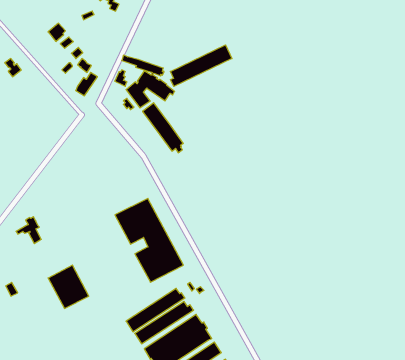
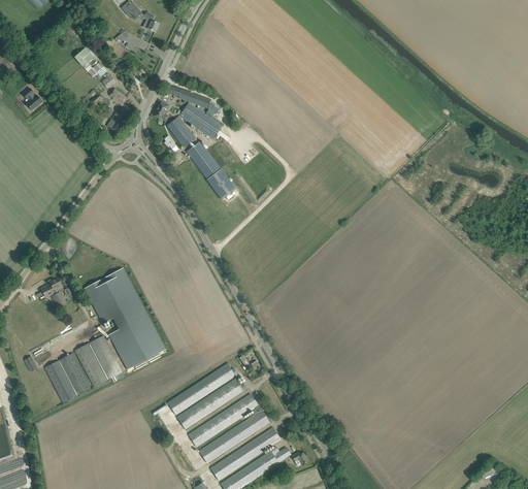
building: [170,45,232,86] -> none
building: [115,198,183,282] -> [85,269,166,369]
building: none -> [45,354,91,403]

